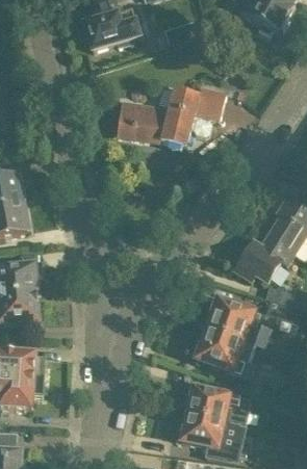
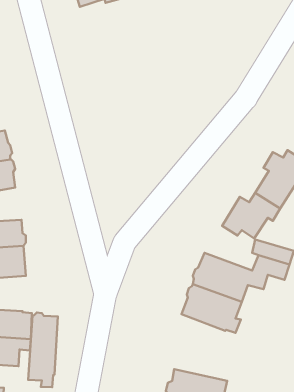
building: [116,87,223,147] -> none
building: none -> [28,313,58,387]
building: [184,385,248,424] -> none

